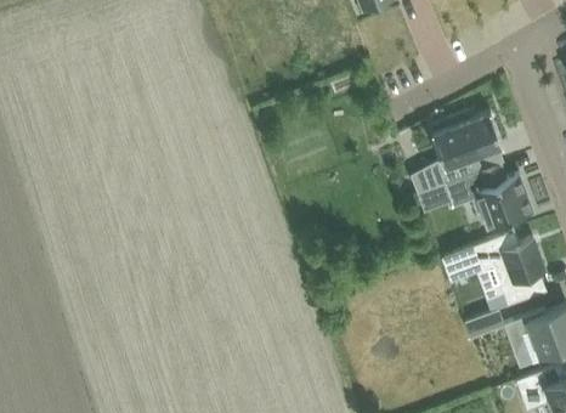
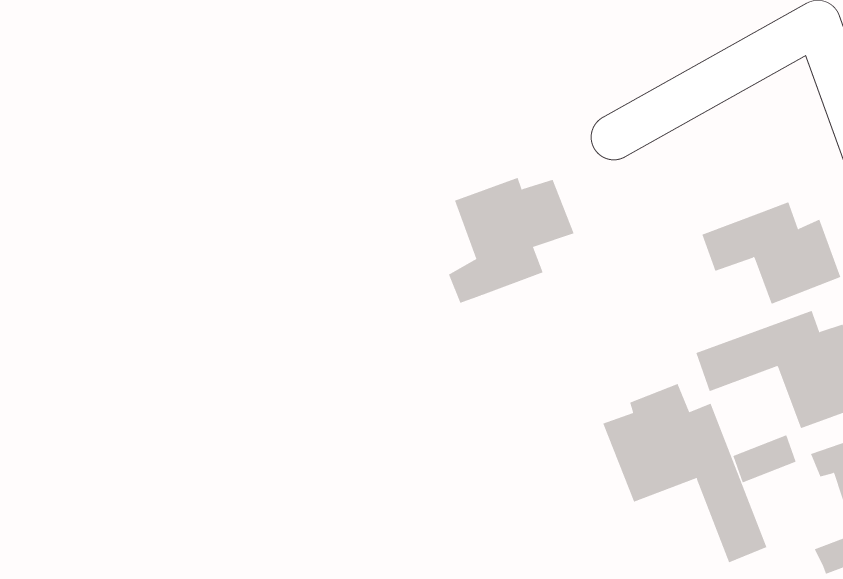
building: [424,112,503,191] -> [448,177,574,304]
building: none -> [603,383,767,563]

